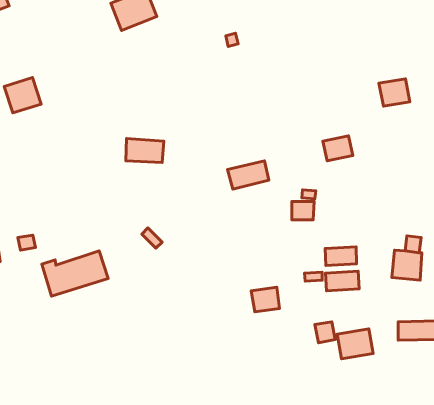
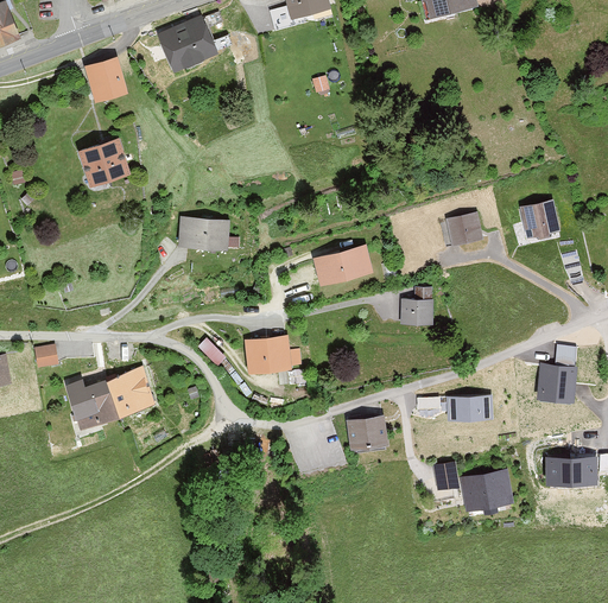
building: none -> [83,58,126,102]
building: [4,78,41,113] -> [78,139,128,186]
building: [379,79,410,106] -> [518,202,559,239]
building: none -> [243,335,290,373]
building: [325,247,357,266] -> none

